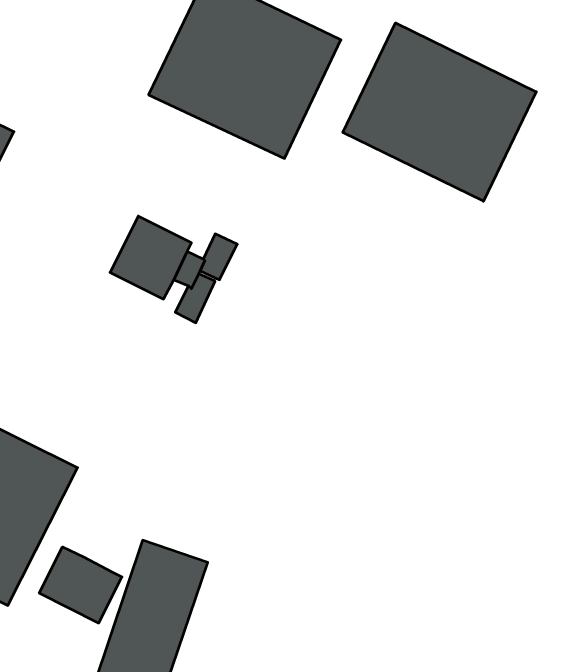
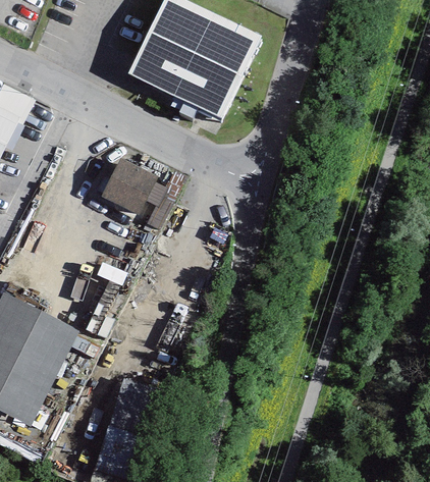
building: [343,23,536,201] -> none
building: [39,547,122,623] -> none

